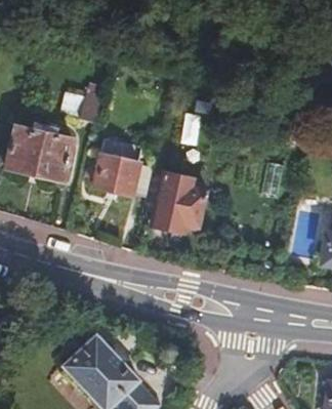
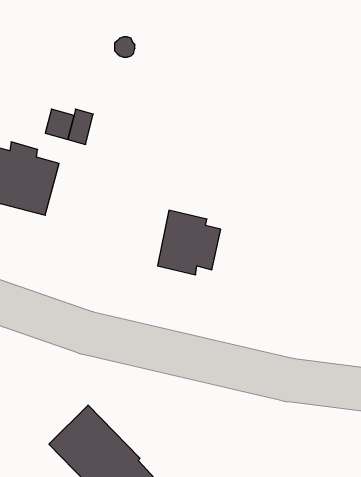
building: [90,147,151,199] -> none

